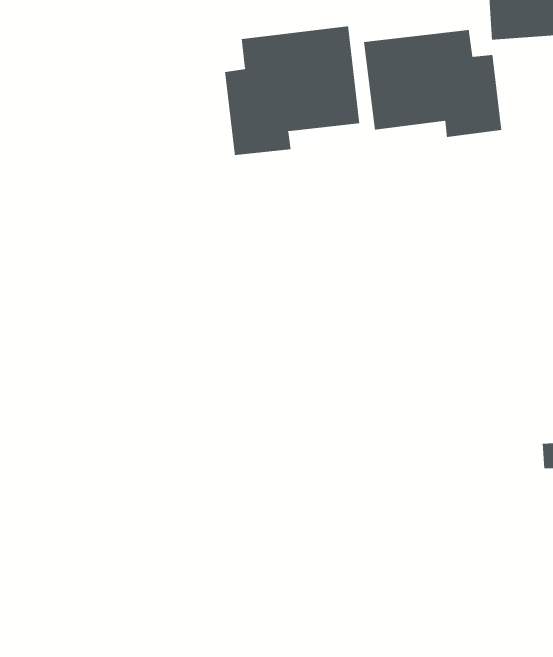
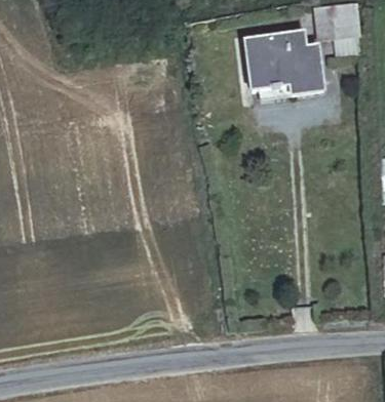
building: [224,26,360,156] -> none

